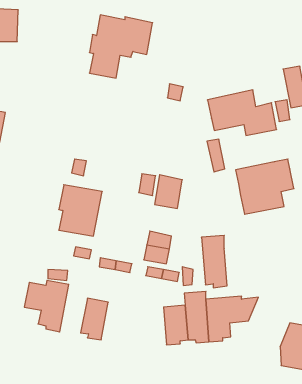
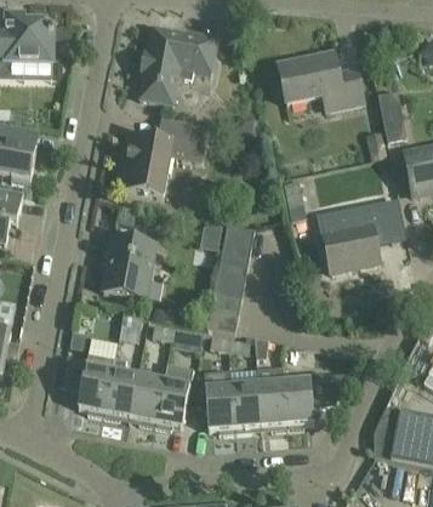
building: none -> [116,118,207,196]
building: [207,90,277,135] -> [278,53,363,109]
building: none -> [213,260,247,298]
building: [201,235,227,288] -> [203,370,234,434]
building: none -> [103,358,137,420]
building: none -> [154,363,193,429]

